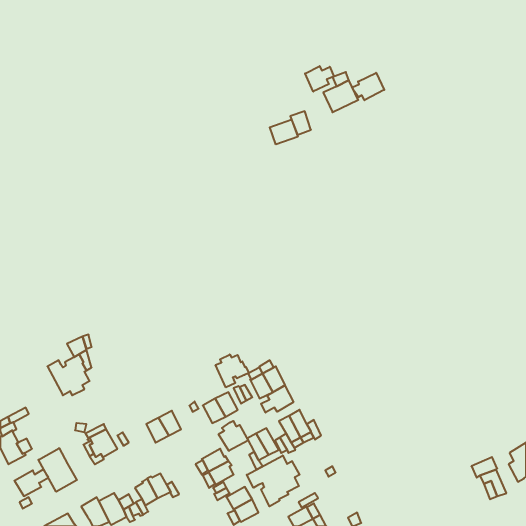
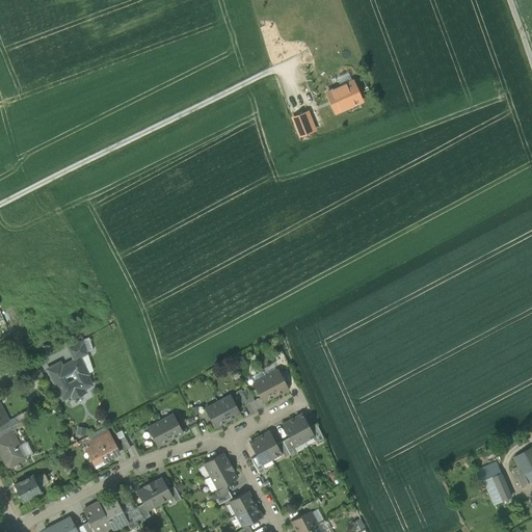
building: [305,66,334,92] -> none
building: [353,73,384,100] -> none
building: [270,119,298,144] -> none
building: [216,354,249,387] -> none
building: [261,385,293,413] -> none
building: [219,421,248,451] -> none
building: [38,448,77,492] -> none
building: [247,455,300,506] -> none

